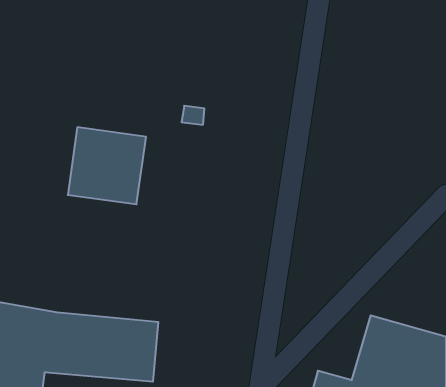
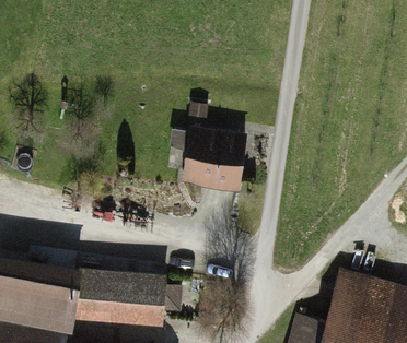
building: [68,127,146,204] -> [184,129,247,191]

